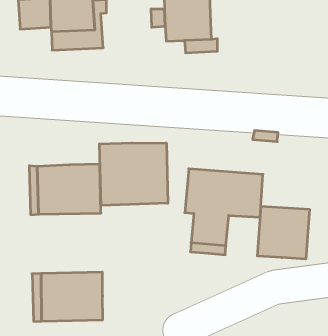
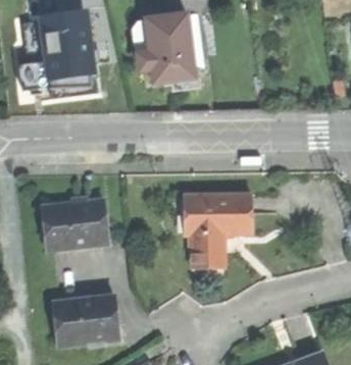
building: [99,143,168,206] -> none
building: [257,206,309,259] -> none

